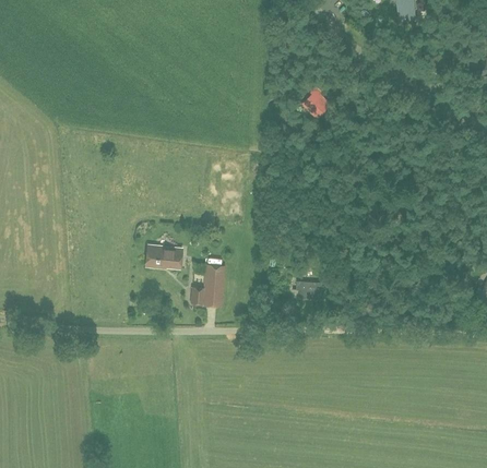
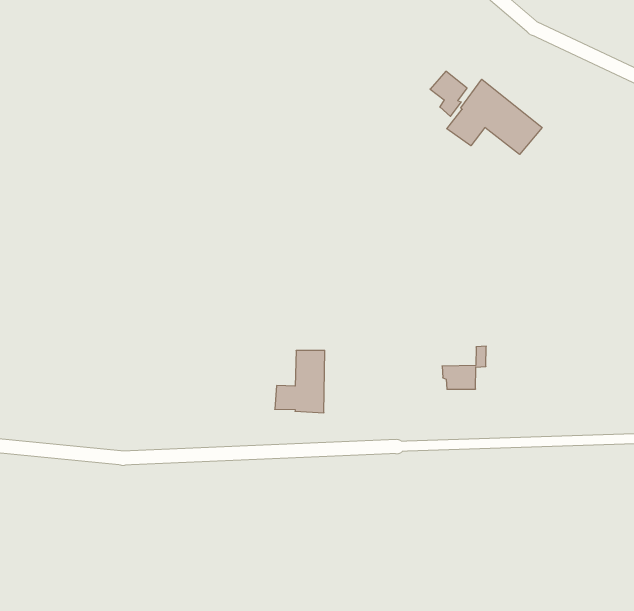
building: none -> [447,79,542,154]
building: [145,247,182,268] -> none

